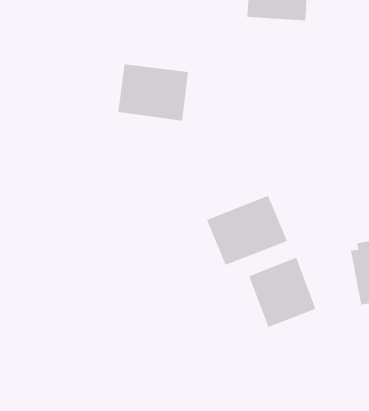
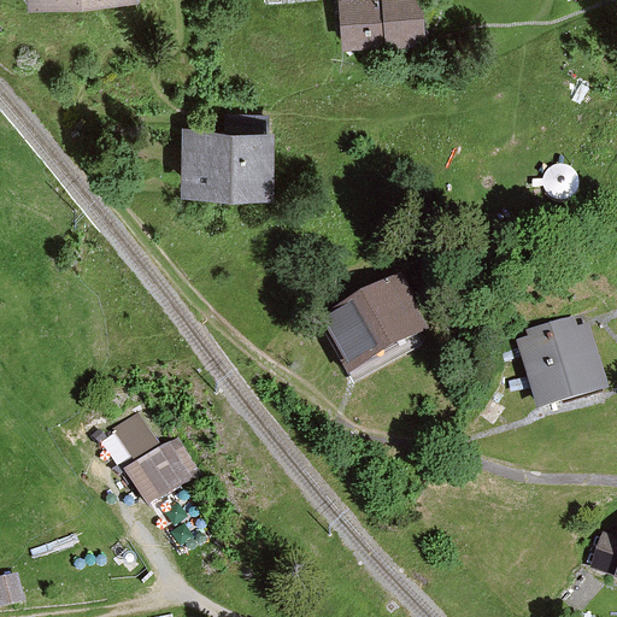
building: [248,257,316,328] -> none
building: none -> [116,407,195,501]

